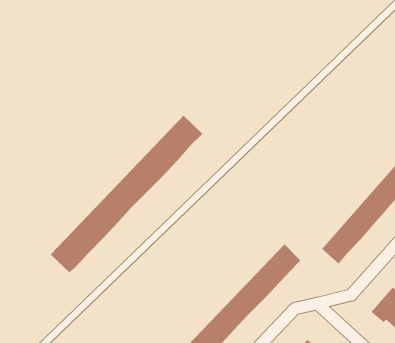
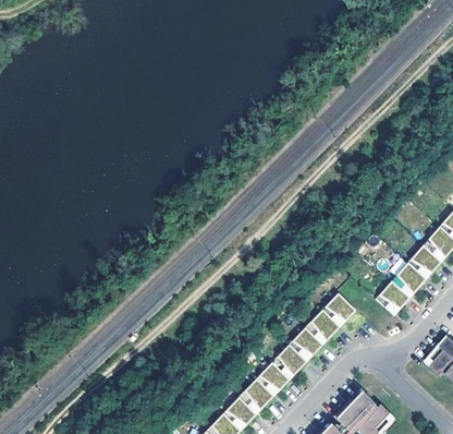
building: [50,115,203,273] -> none

